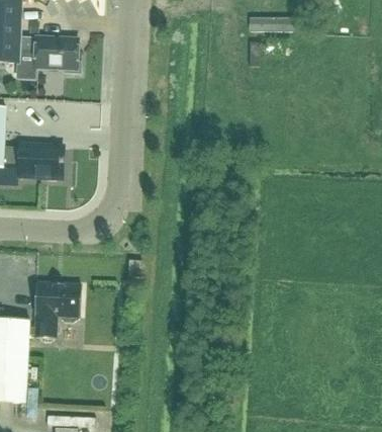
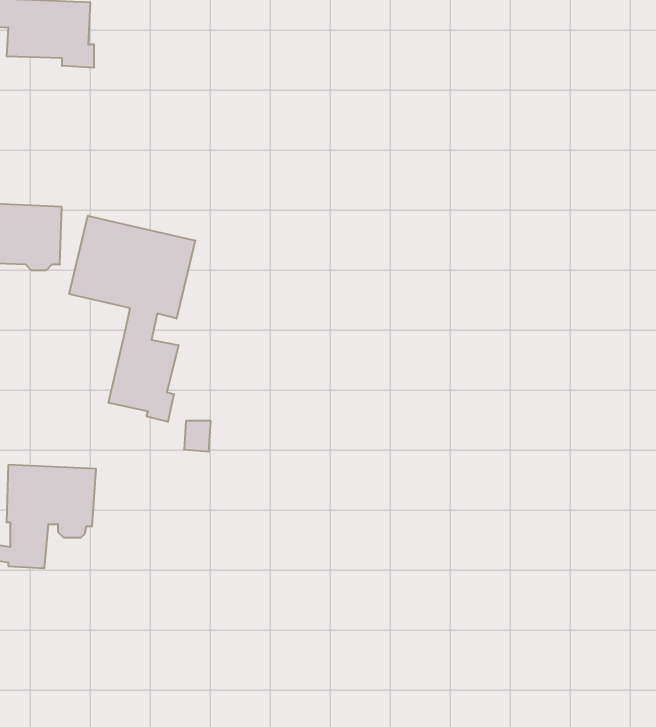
building: none -> [69,216,195,422]

